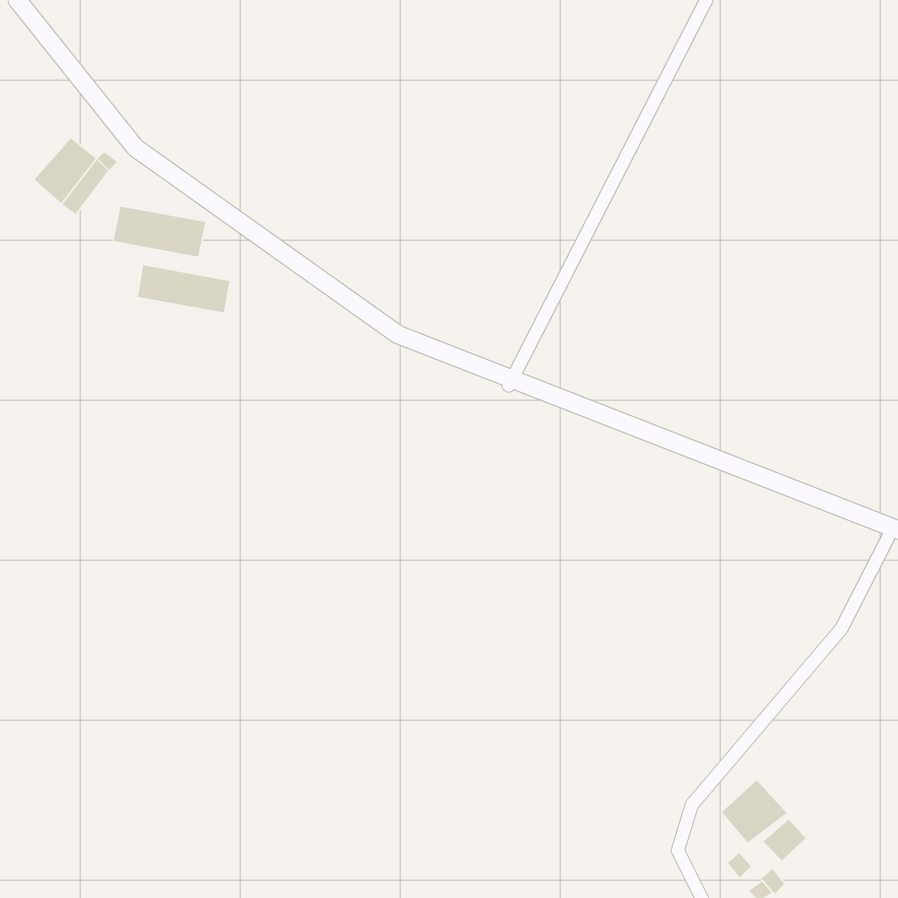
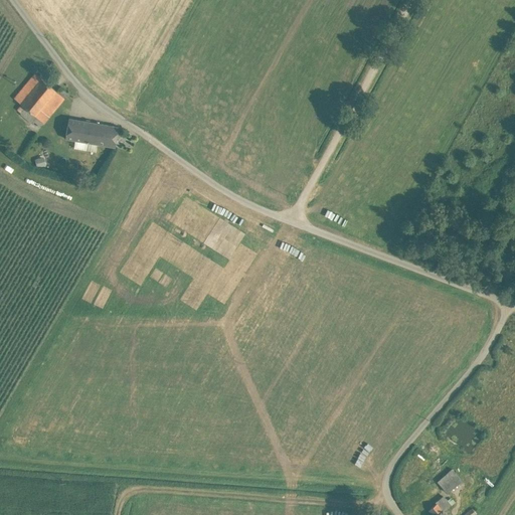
building: [137,265,230,313] -> none
building: [721,779,788,843] -> none

